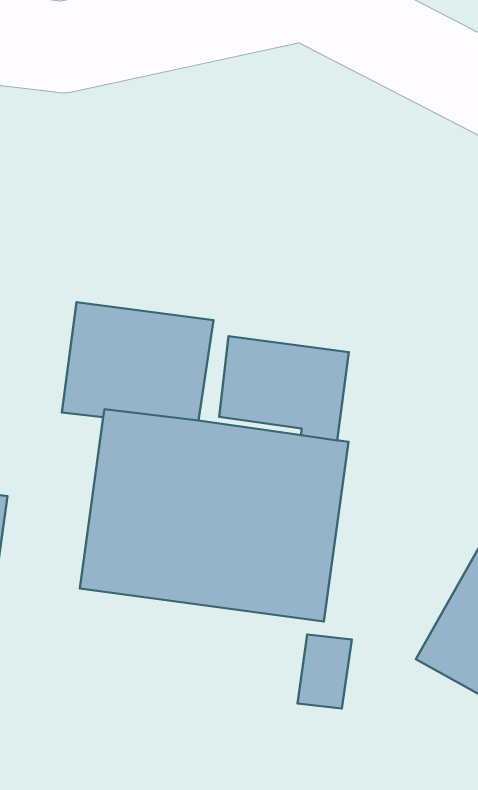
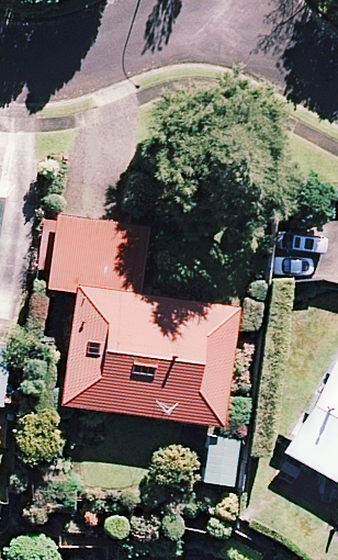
building: [219,336,349,440] -> none

